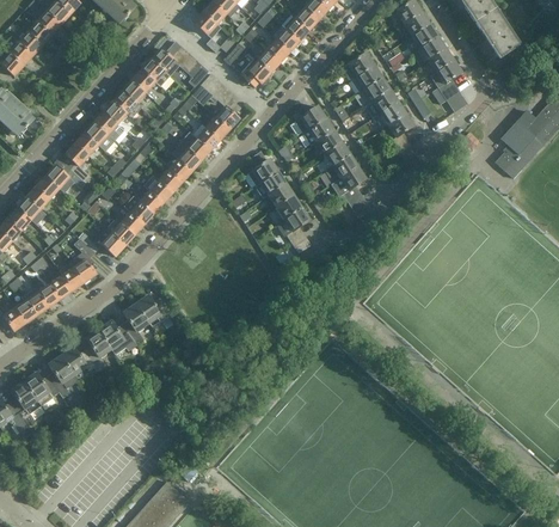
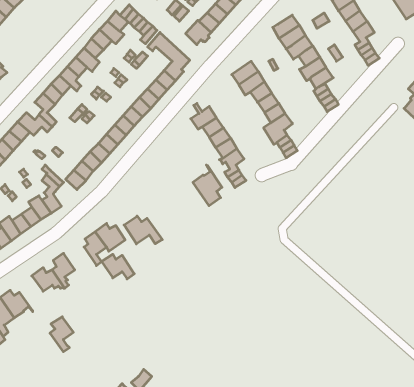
building: none -> [193,165,222,206]
building: none -> [124,216,162,244]
building: [99,321,137,350] -> [101,254,134,279]
building: [48,356,75,397] -> [50,317,73,352]

